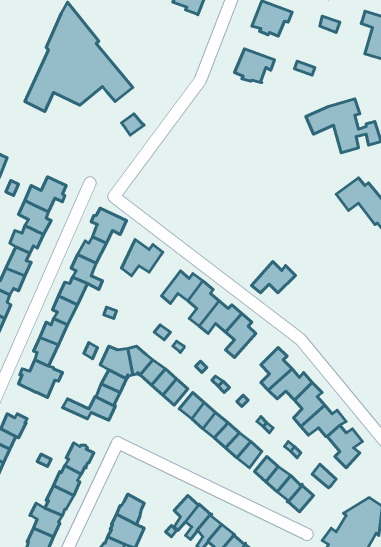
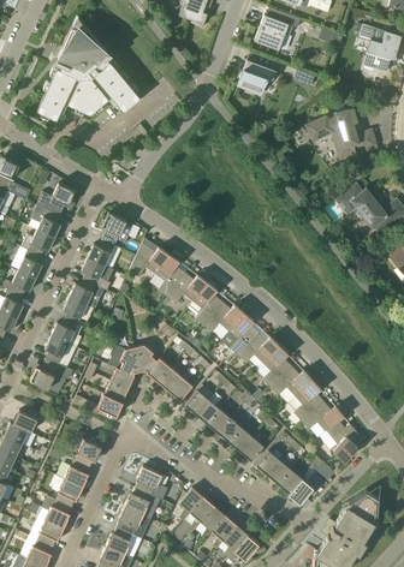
building: none -> [155,255,185,297]
building: [252,262,296,293] -> [237,333,279,363]
building: none -> [135,466,166,500]

